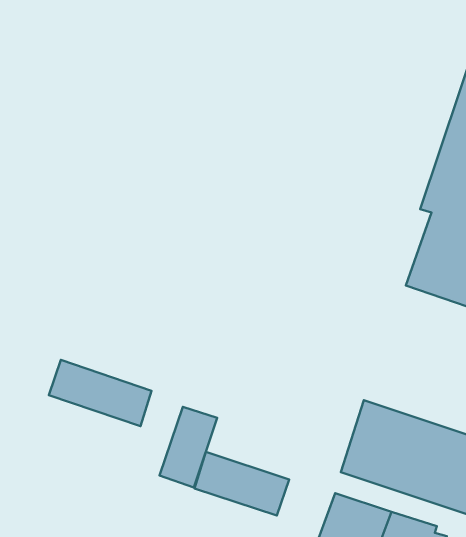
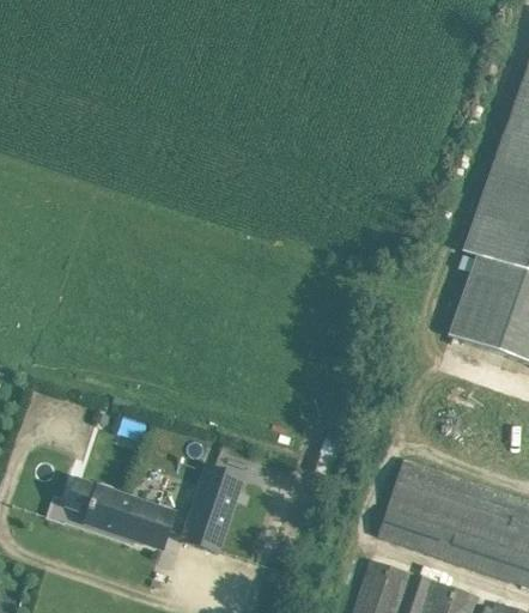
building: [49,360,152,426] -> [62,478,174,550]
building: [194,452,289,516] -> none

